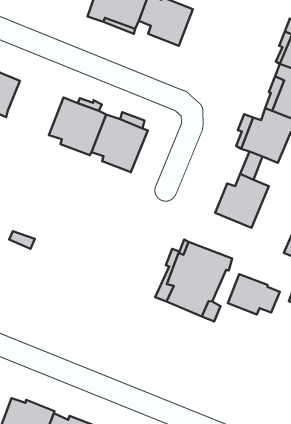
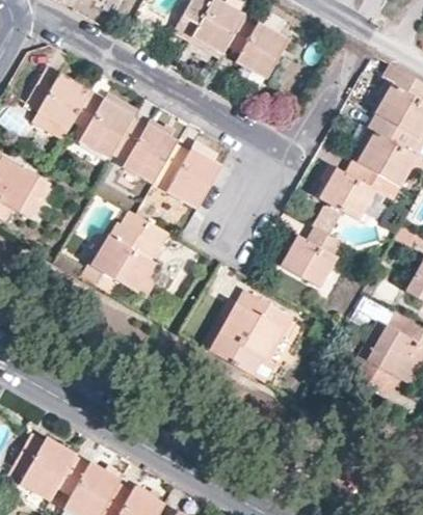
building: none -> [73,93,135,157]
building: none -> [84,211,169,293]
building: [228,274,280,314] -> none

